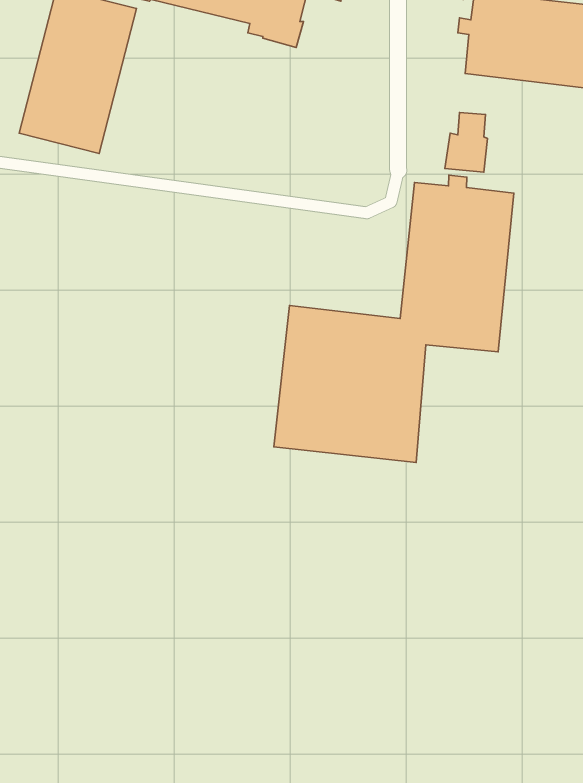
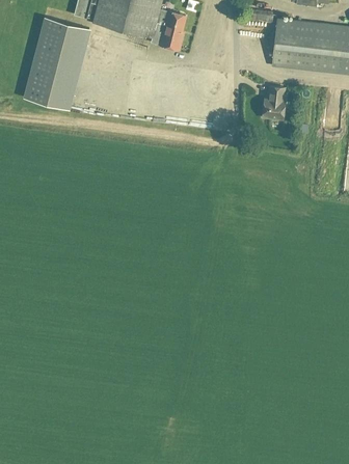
building: [274,175,514,462] -> none

